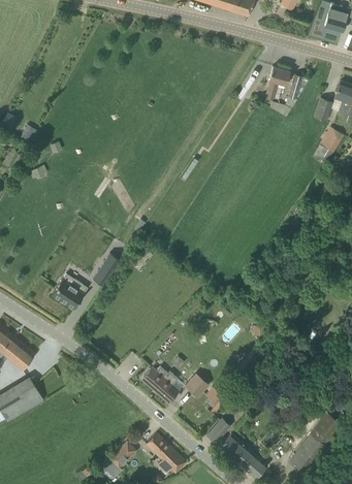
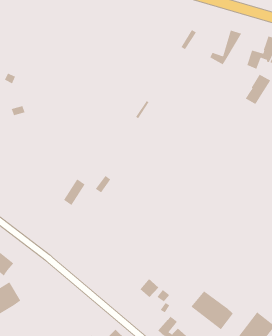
building: [265,66,290,99] -> none
building: [52,279,86,309] -> none
building: [141,366,179,402] -> none
building: none -> [191,290,234,330]

